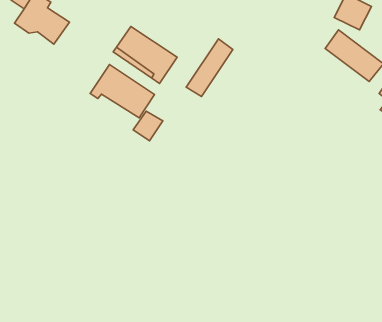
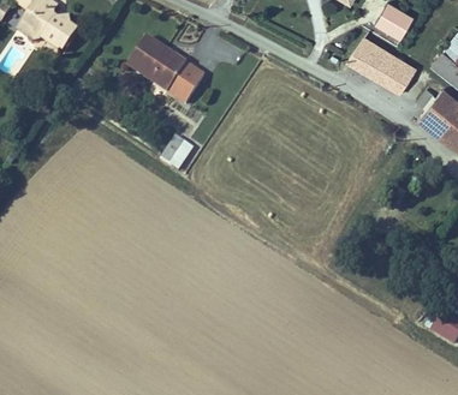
building: [186,39,233,96] -> none
building: [90,64,155,118] -> none

